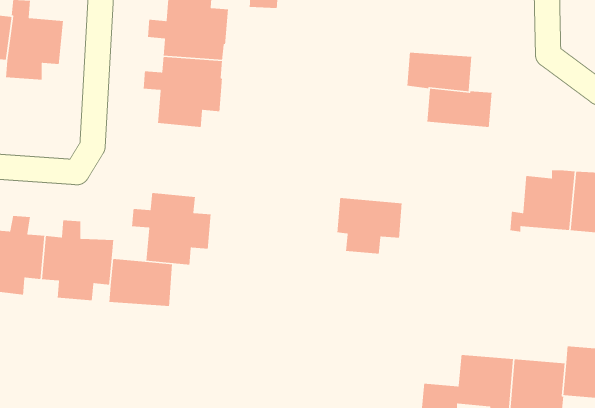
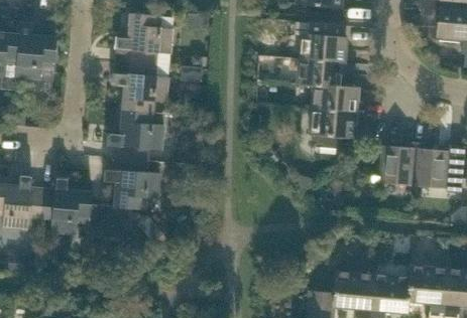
building: none -> [299,34,345,62]
building: none -> [106,110,163,161]
building: [337,197,403,254] -> [309,109,355,149]

